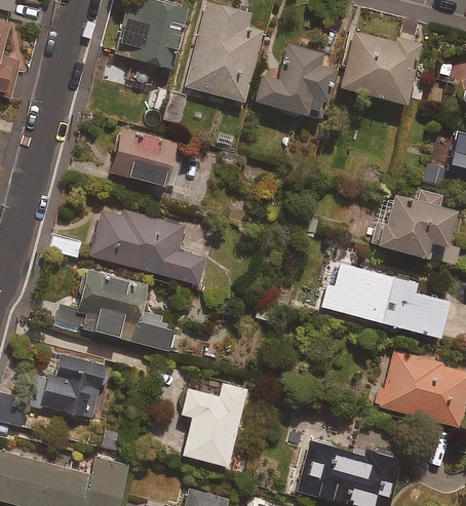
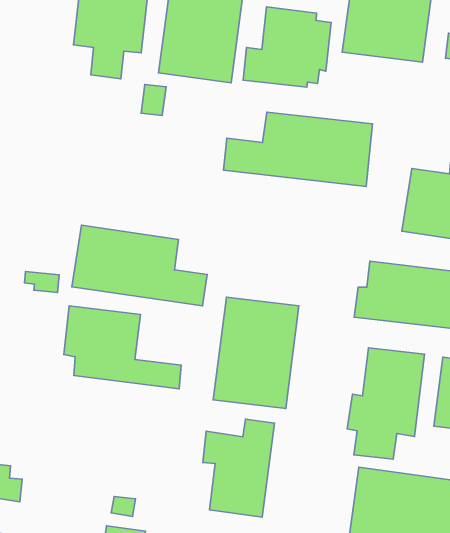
building: [110,128,197,188] -> none
building: none -> [224,112,372,187]
building: none -> [213,297,299,409]
building: none -> [347,348,425,459]
building: [29,356,105,420] -> none

